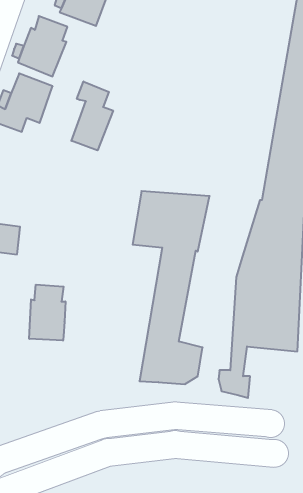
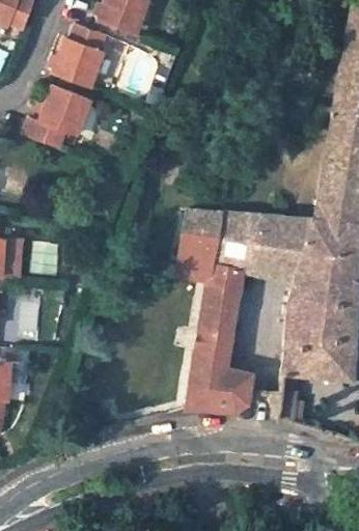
building: [71,81,113,150] -> none
building: none -> [246,216,311,283]
building: [29,285,65,341] -> none

